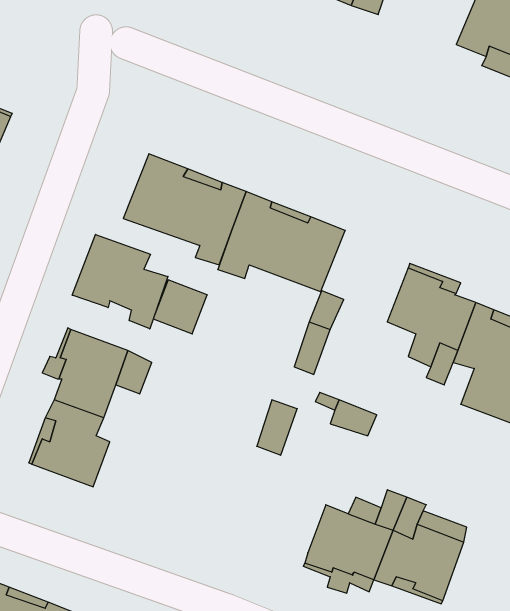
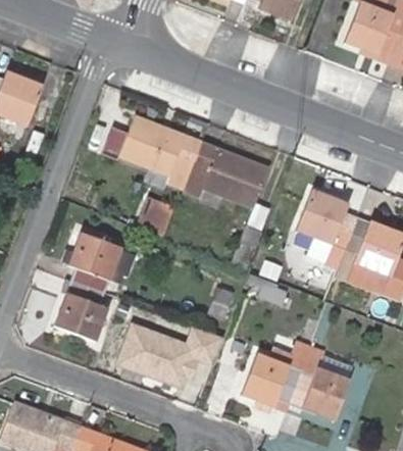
building: [72,234,168,329] -> none
building: none -> [116,324,222,391]

